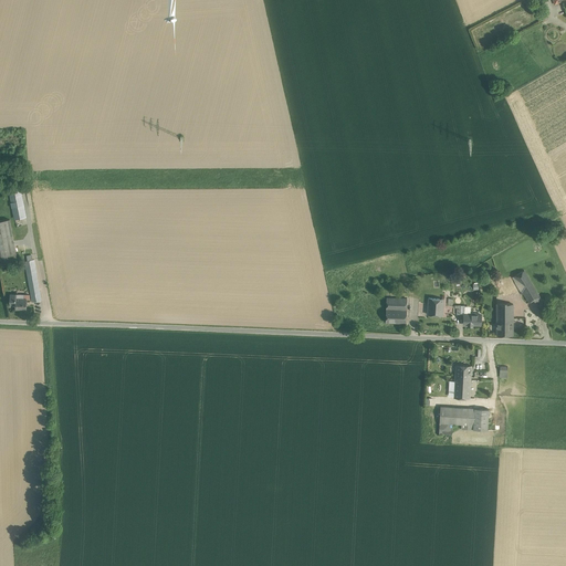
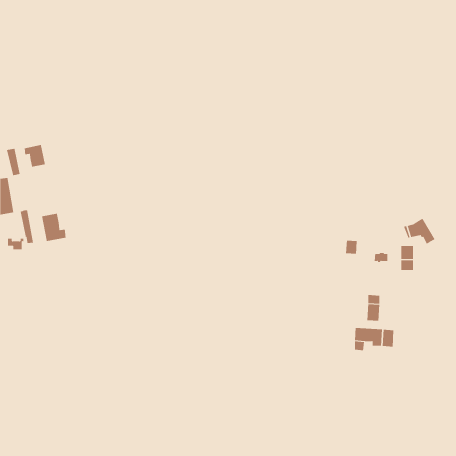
building: none -> [24,144,46,168]
building: none -> [42,213,66,242]
building: [385,297,406,323] -> none

